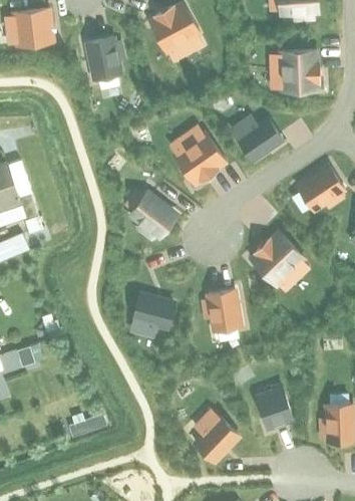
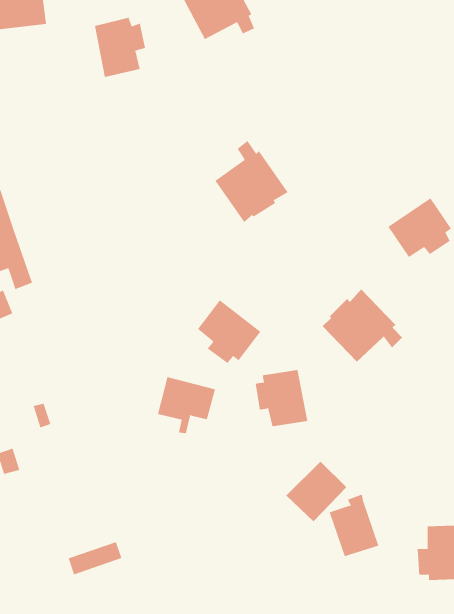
building: [271,51,319,91] -> none
building: [236,117,282,161] -> none
building: [130,194,176,240] -> [197,300,261,364]
building: [193,416,237,460] -> [286,461,347,522]

